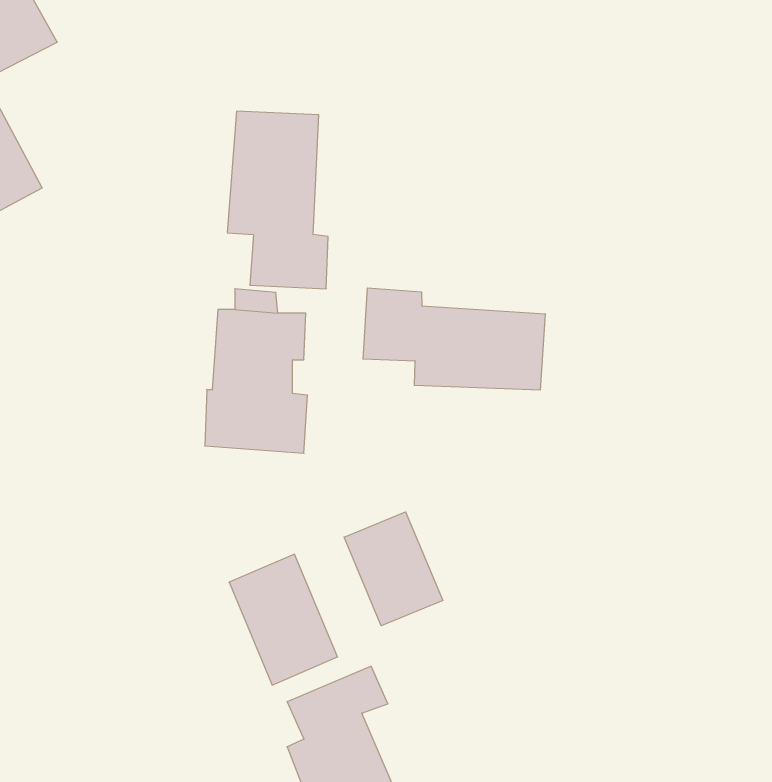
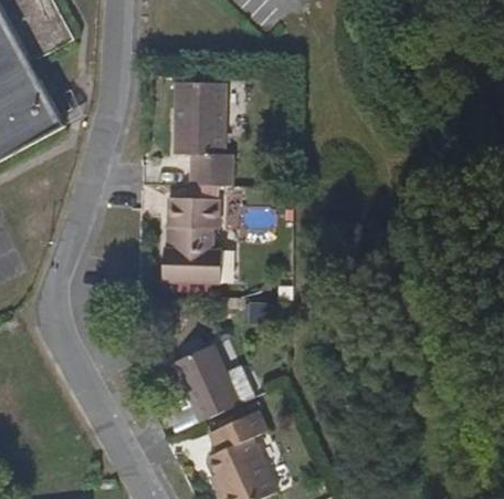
building: [363,288,545,390] -> none
building: [344,512,443,626] -> none

